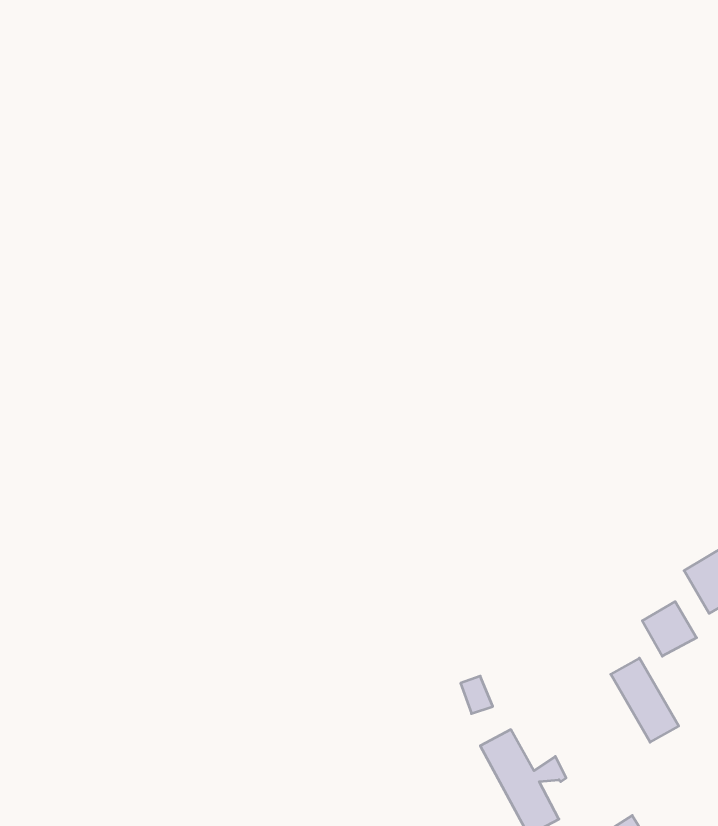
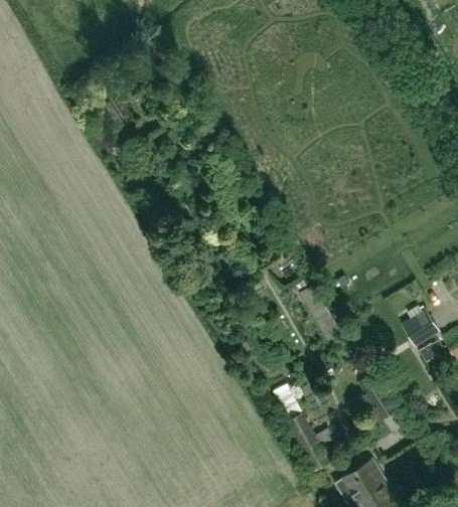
building: [642,602,697,656] -> none

